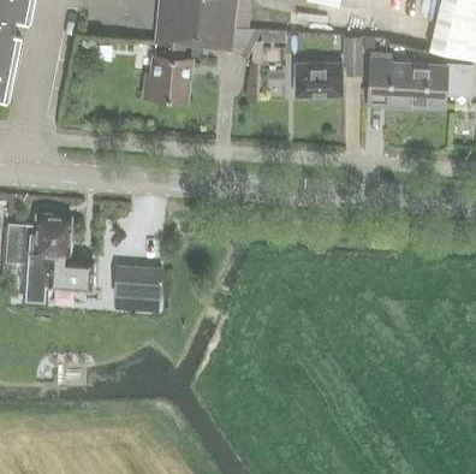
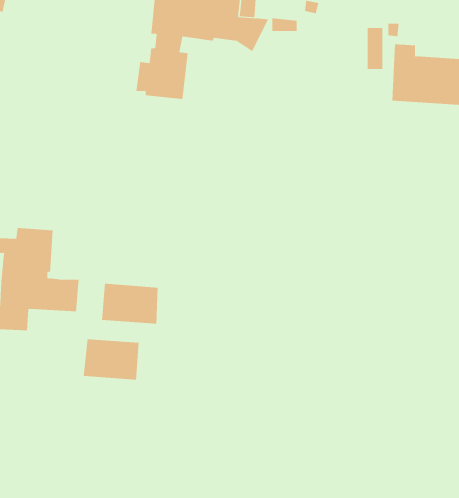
building: [294,61,343,96] -> none
building: none -> [83,339,139,381]

